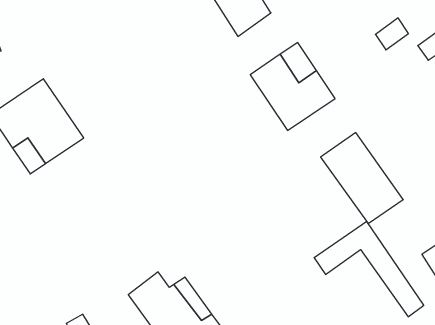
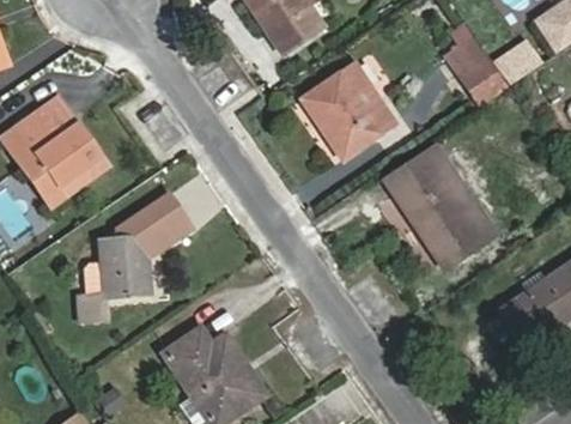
building: none -> [458,52,508,102]
building: none -> [72,193,189,321]
building: [314,222,424,317] -> [370,134,497,244]

